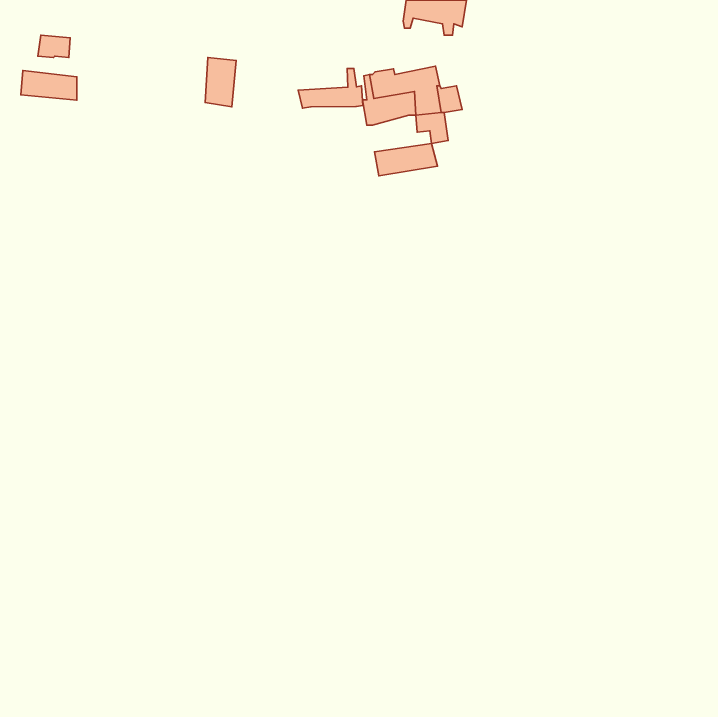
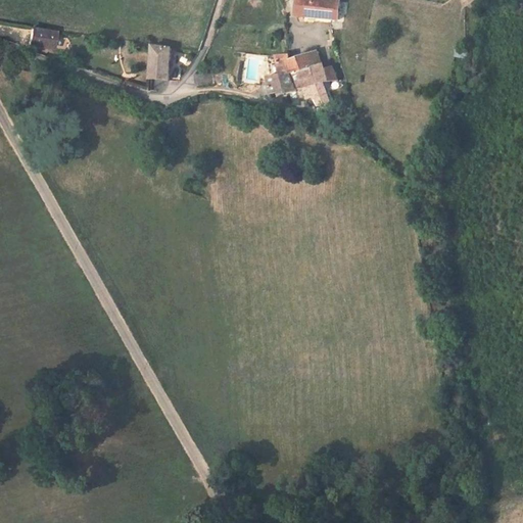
building: [298,68,363,108] -> none
building: [21,70,77,100] -> none
building: [374,143,437,176] -> none

